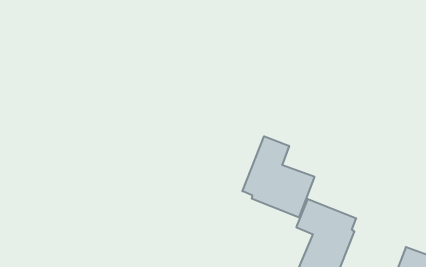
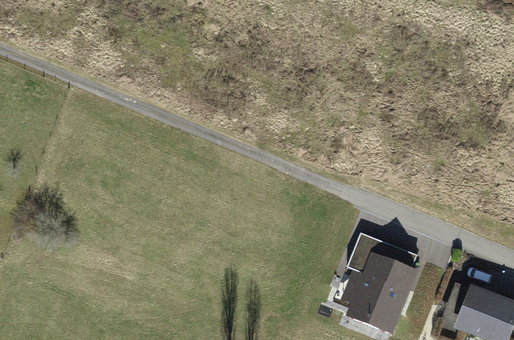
building: [242,136,314,217] -> none

